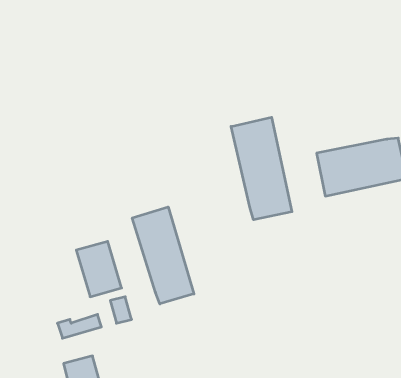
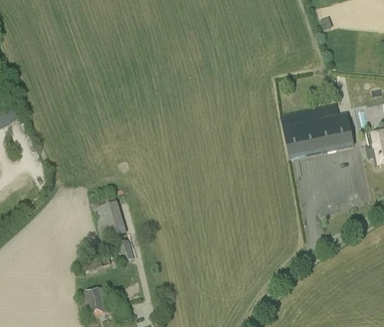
building: [231,117,292,220] -> none
building: [132,207,194,304] -> none

